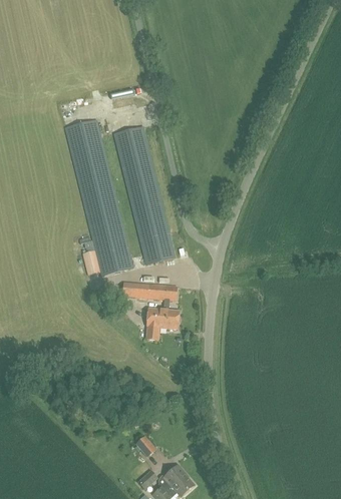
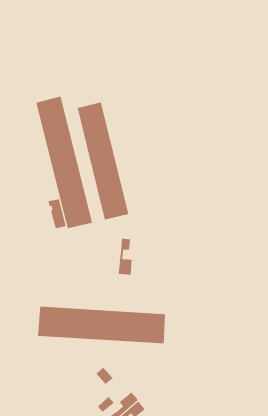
building: [122,282,165,299] -> none
building: [146,308,163,339] -> none
building: none -> [37,306,166,344]

